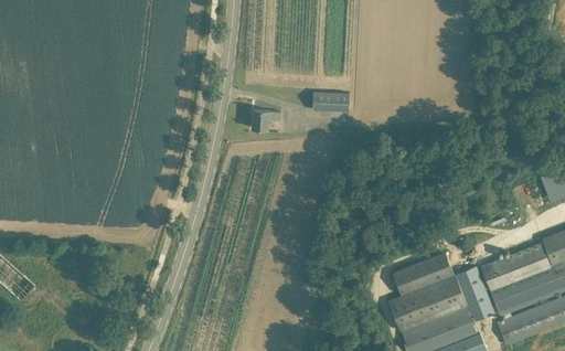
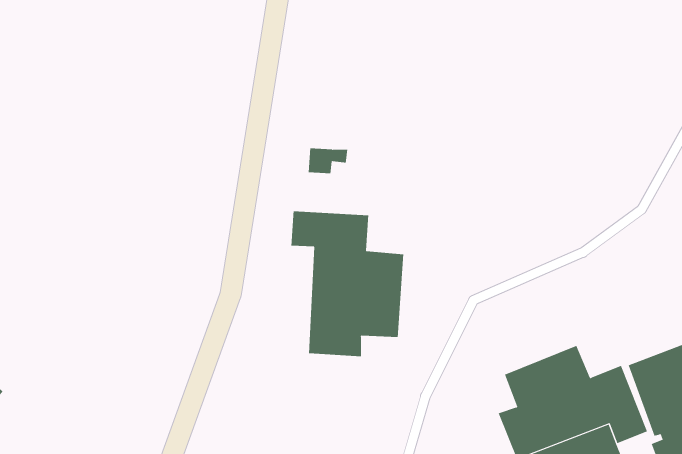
building: [313,93,349,111] -> none
building: none -> [291,210,404,357]

